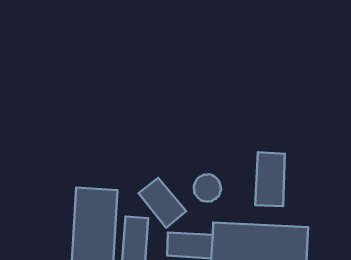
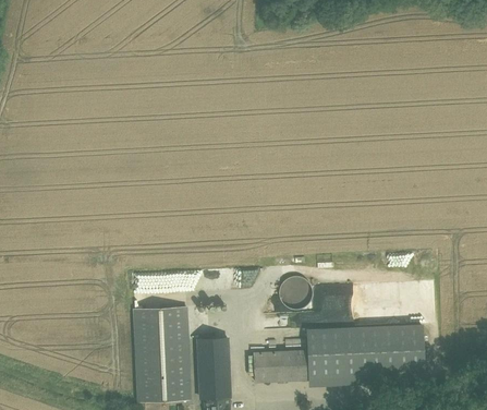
building: [255,152,285,206] -> none
building: [138,178,186,228] -> none

